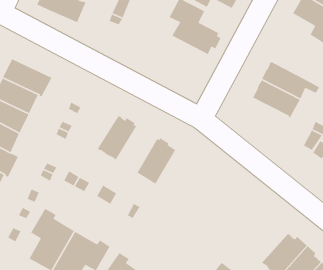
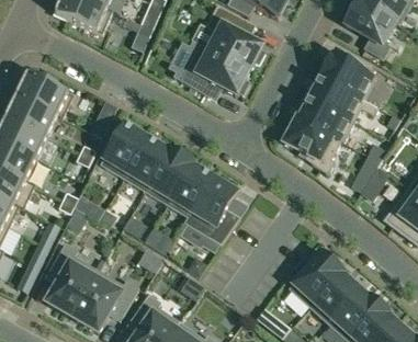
building: none -> [180,44,249,95]
building: none -> [319,52,375,100]
building: none -> [283,116,340,174]
building: none -> [101,122,147,176]
building: none -> [146,150,192,204]
building: none -> [184,178,240,244]
building: none -> [290,251,341,306]

